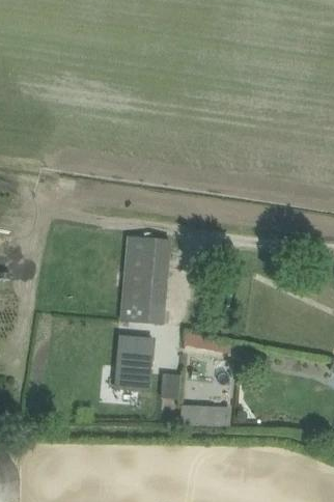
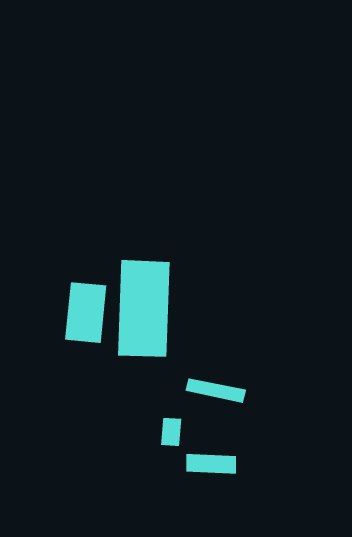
building: [114,335,152,390] -> [64,282,107,343]

